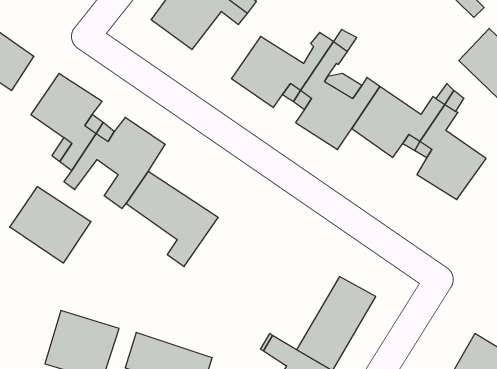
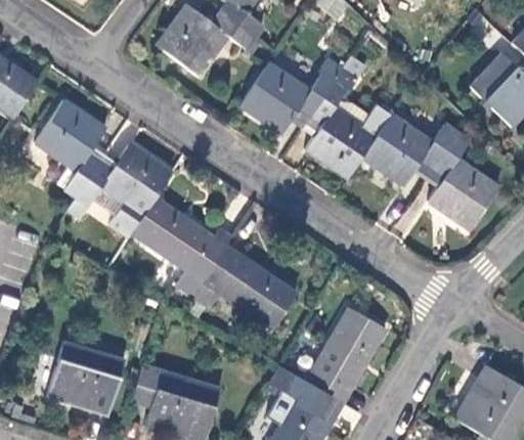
building: [10,187,91,263] -> none
building: none -> [191,247,297,329]

